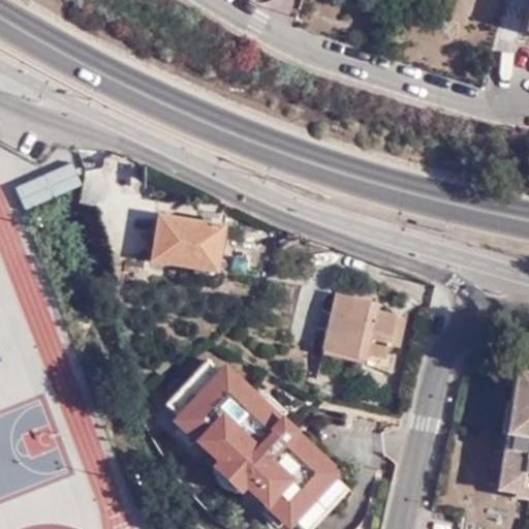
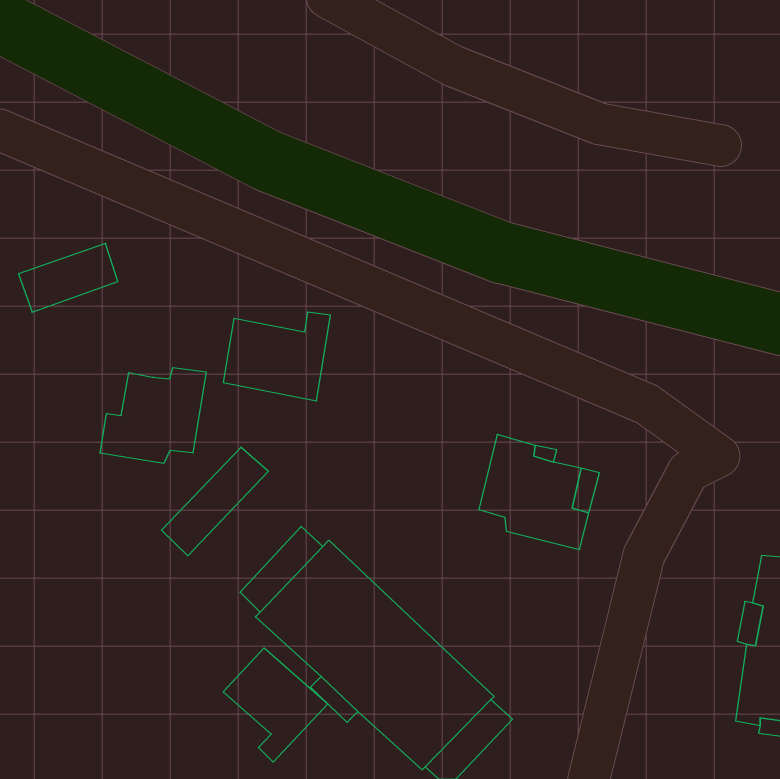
building: none -> [100,368,206,463]
building: none -> [161,447,268,556]
building: none -> [223,648,328,762]

